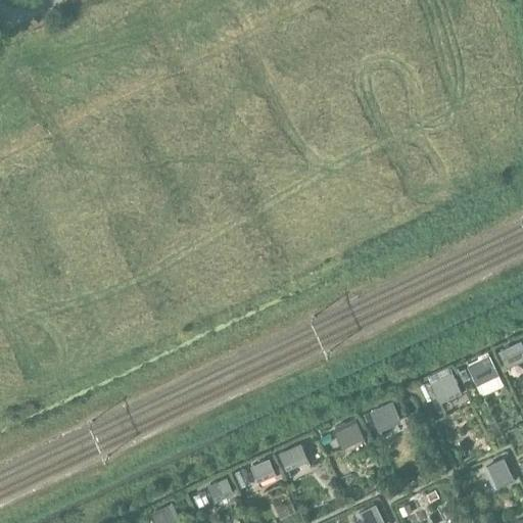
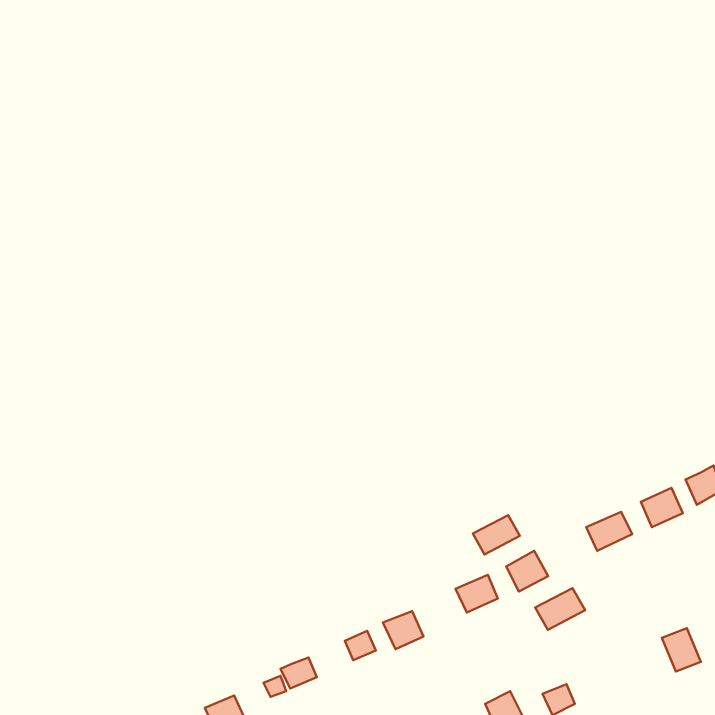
building: none -> [473,515,520,554]
building: none -> [535,588,585,630]

